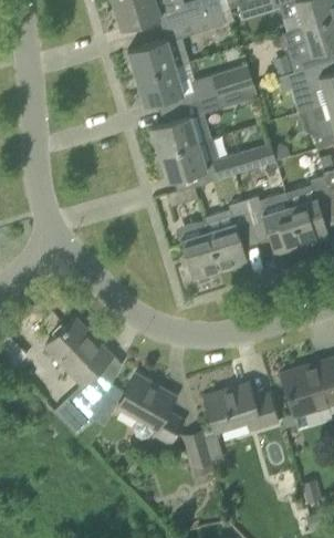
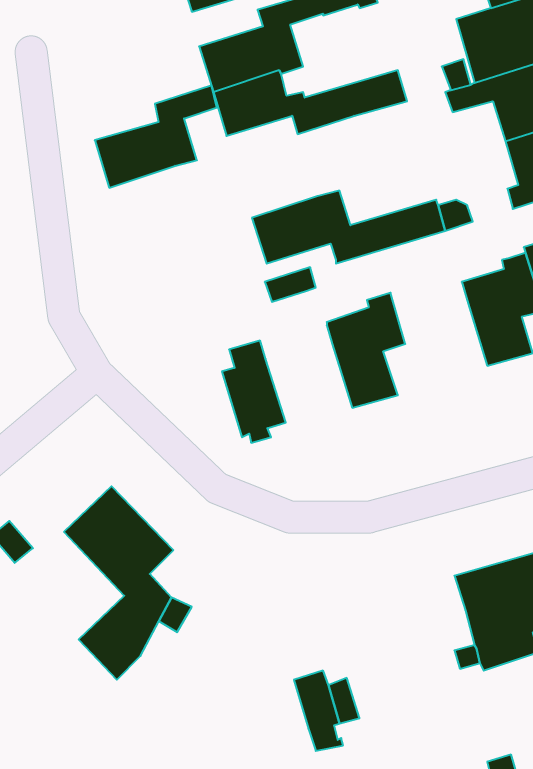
building: [149,93,223,155] -> [95,86,217,188]
building: [242,194,301,254] -> none
building: [180,220,219,282] -> [222,341,286,443]
building: [117,374,182,442] -> none
building: [205,382,275,428] -> none

